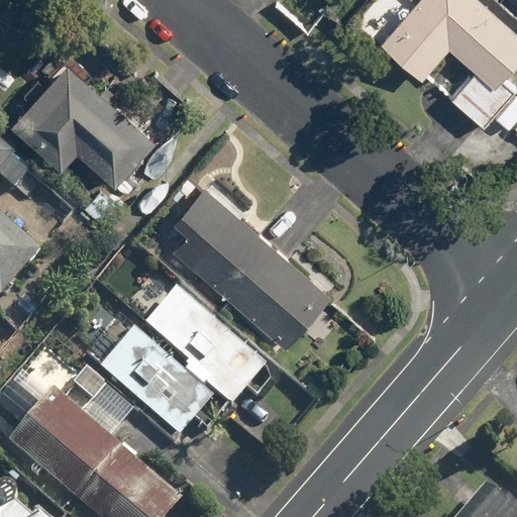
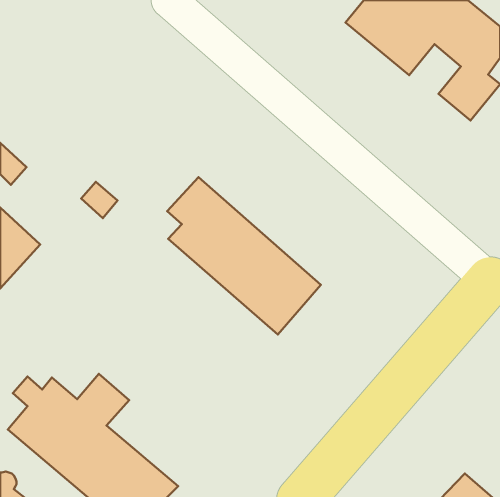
building: [10,45,157,185] -> none
building: [102,275,277,441] -> none

